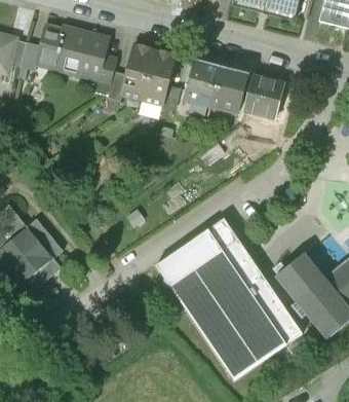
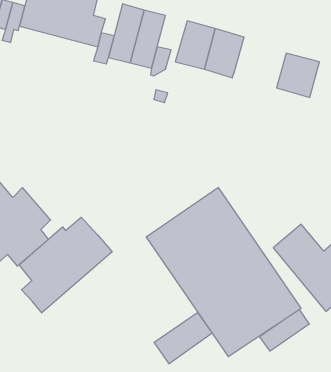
building: [239,74,280,116] -> [277,53,320,97]
building: none -> [19,217,112,313]
building: none -> [259,309,309,351]
building: none -> [154,312,212,364]

